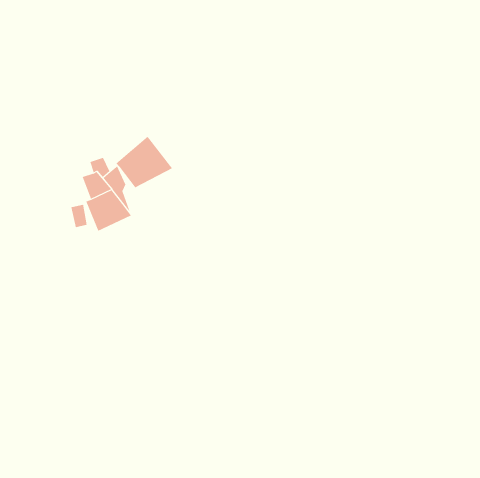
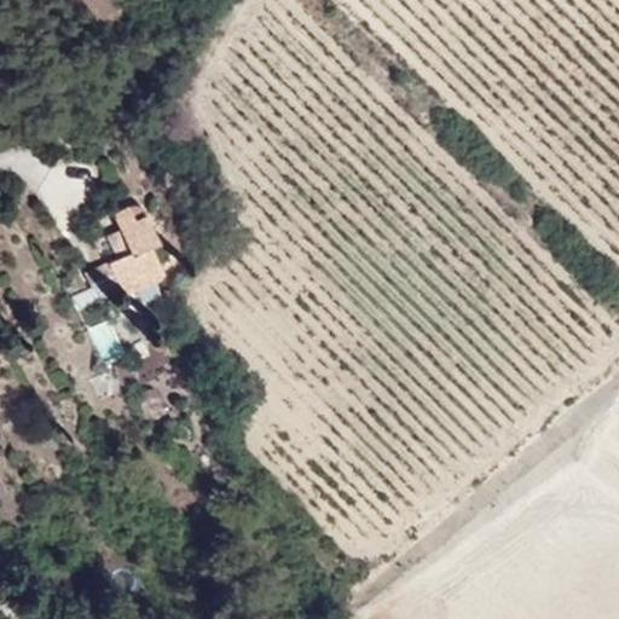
building: [115,136,173,188] -> none

